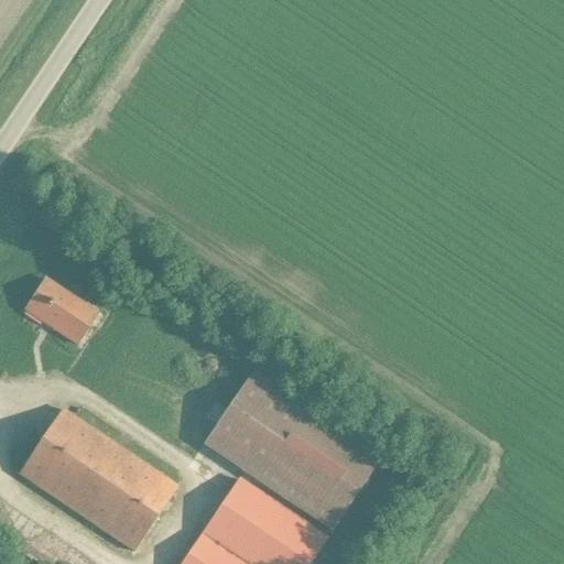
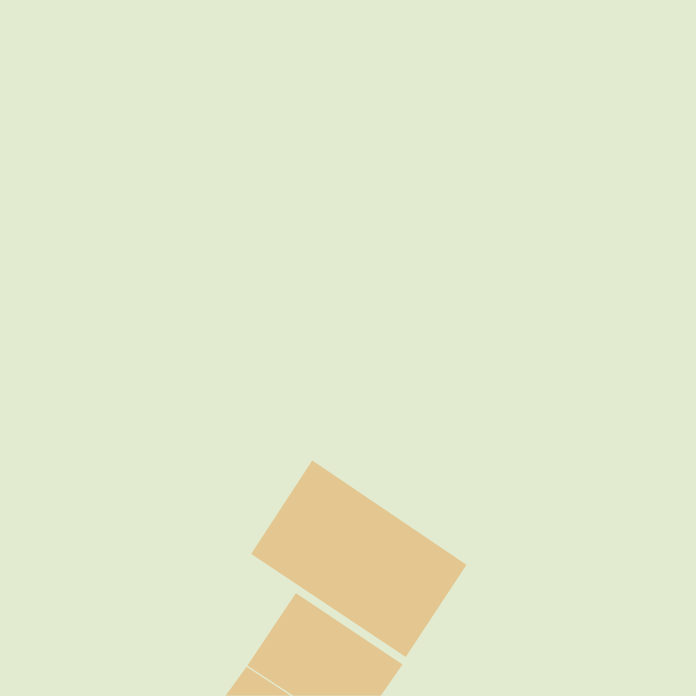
building: [25,278,99,344] -> none
building: [21,409,177,550] -> none

